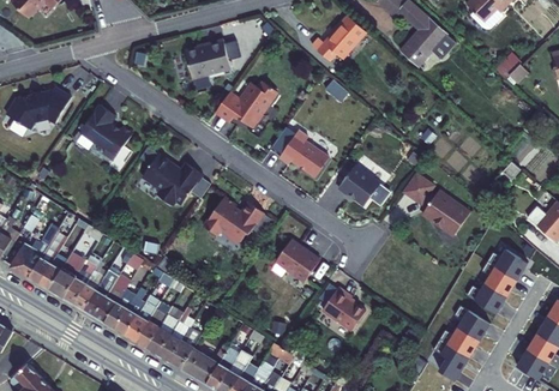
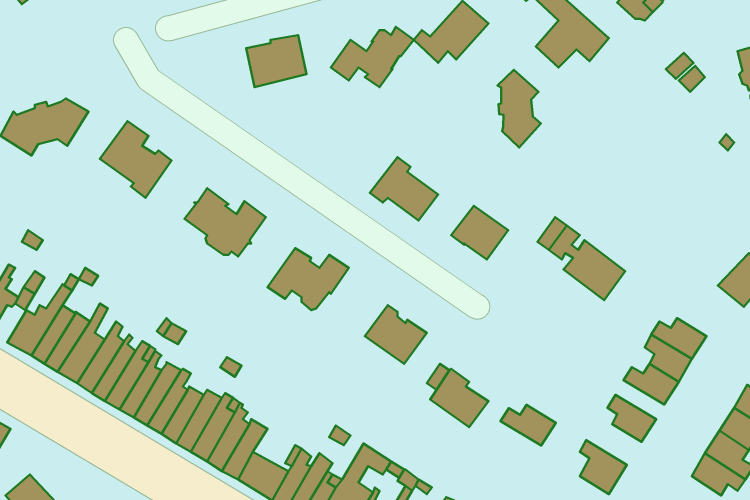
building: none -> [498,70,541,148]
building: [215,83,276,127] -> [331,27,414,87]
building: [438,327,479,357] -> [501,405,556,446]

